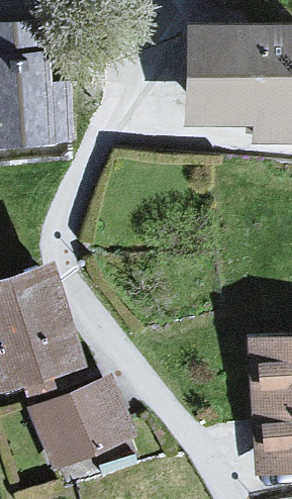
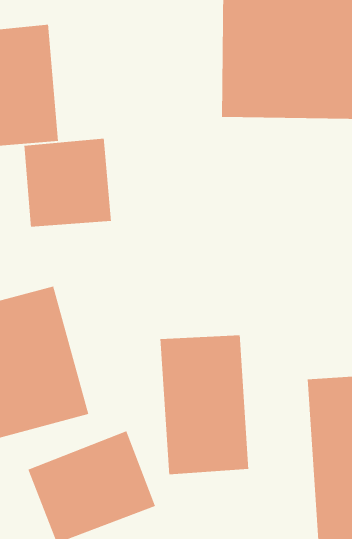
building: none -> [24,138,111,228]
building: none -> [160,334,249,475]

